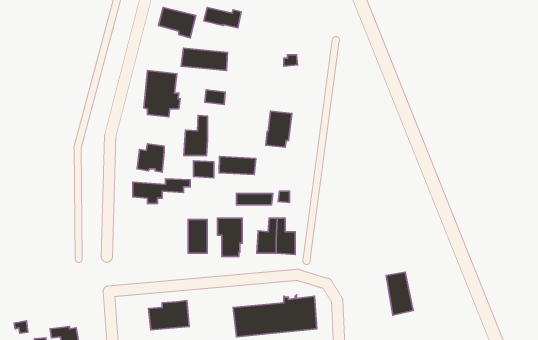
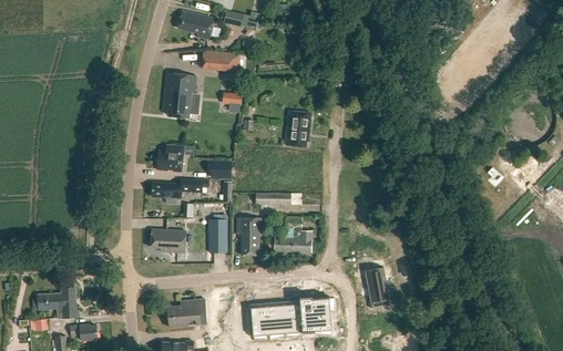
building: [184,116,207,156] -> none
building: [219,157,256,175] -> none
building: none -> [151,230,186,254]
building: [386,272,413,315] -> [366,268,392,310]
building: none -> [38,288,80,318]

